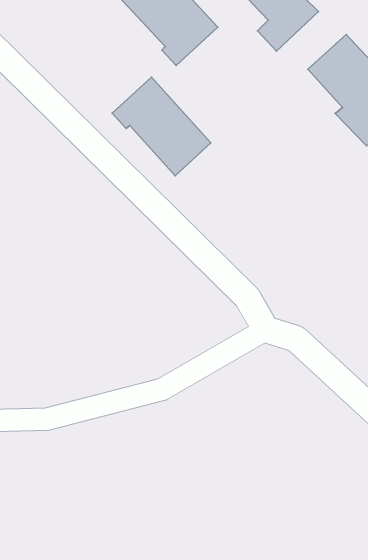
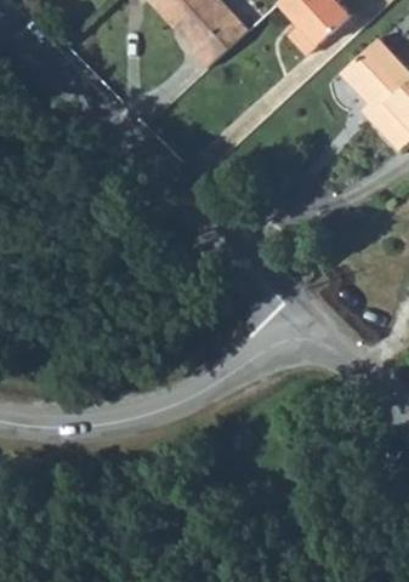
building: [112,77,211,176] -> none

